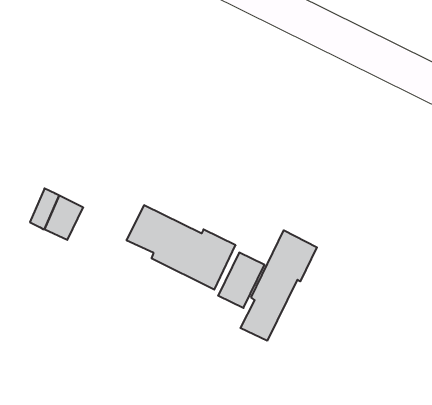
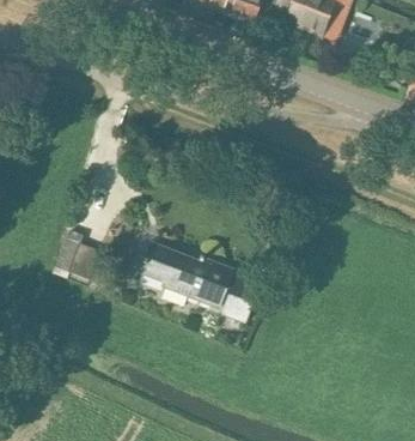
building: [240,230,317,341] -> none

